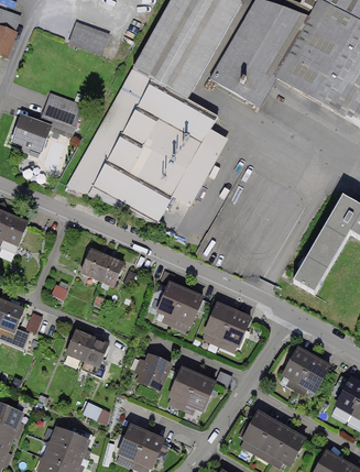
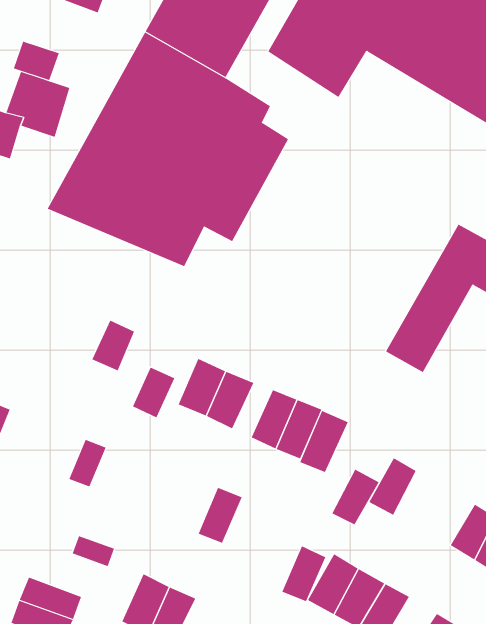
building: none -> [13,41,59,81]
building: [80,250,109,284] -> [132,367,175,418]
building: none -> [299,410,348,473]
building: [67,331,92,363] -> none
building: [135,355,173,395] -> none
building: [297,358,329,395] -> [332,469,380,525]
building: [184,375,214,413] -> [281,545,326,602]

